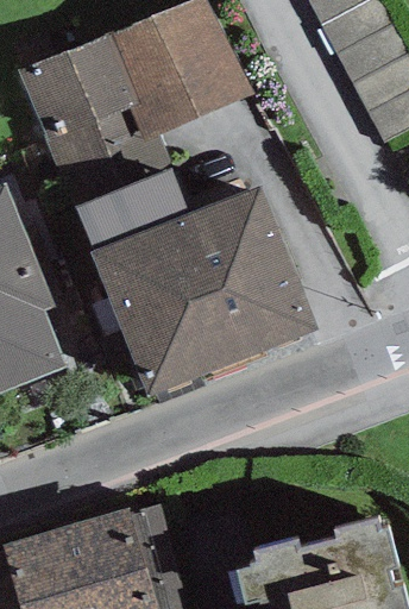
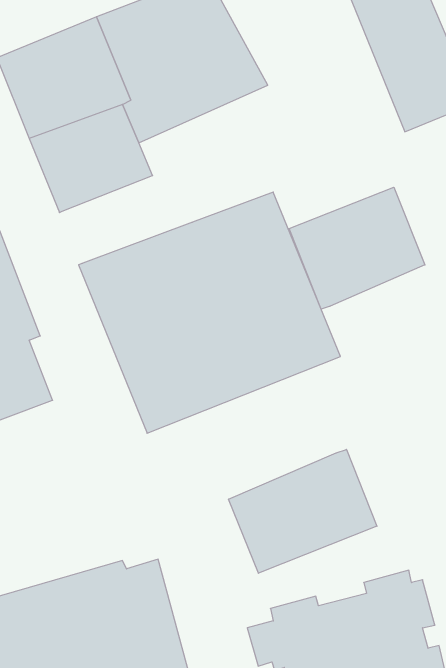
building: [75,167,188,249] -> none
building: none -> [289,187,425,309]
building: none -> [229,449,377,573]

